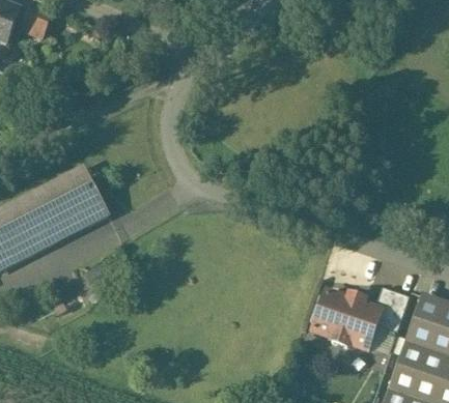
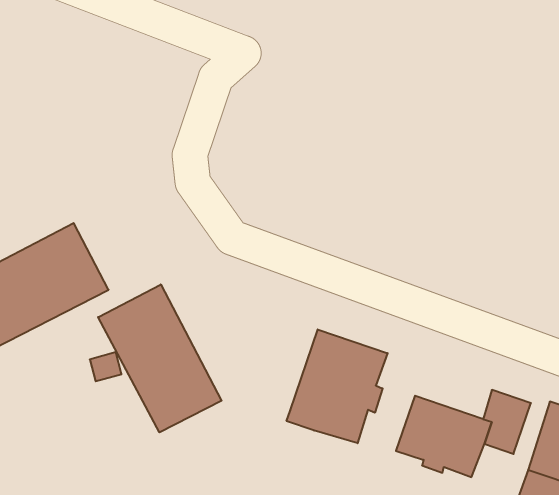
building: none -> [98,284,222,432]
building: none -> [287,329,388,443]

